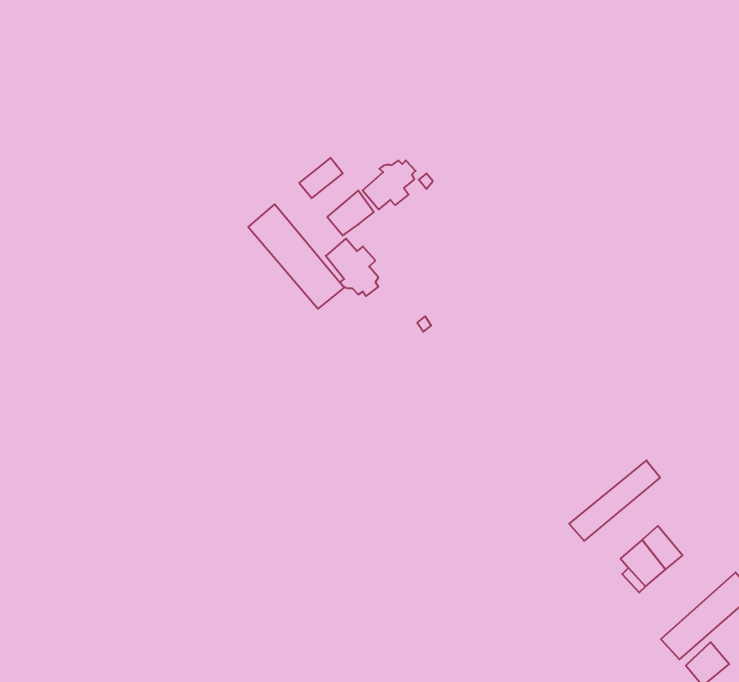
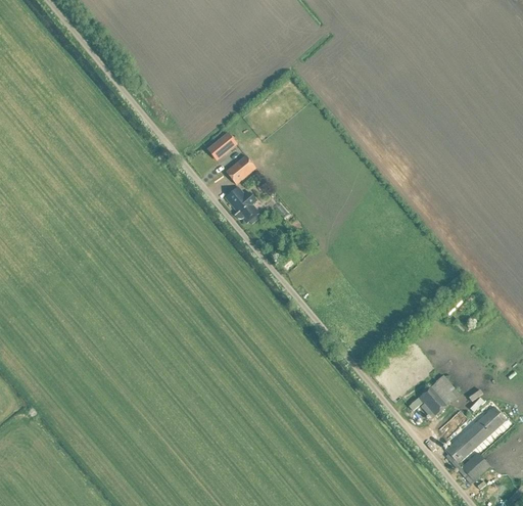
building: [363,160,416,209] -> none
building: [248,204,344,309] -> none
building: [569,460,660,541] -> none

